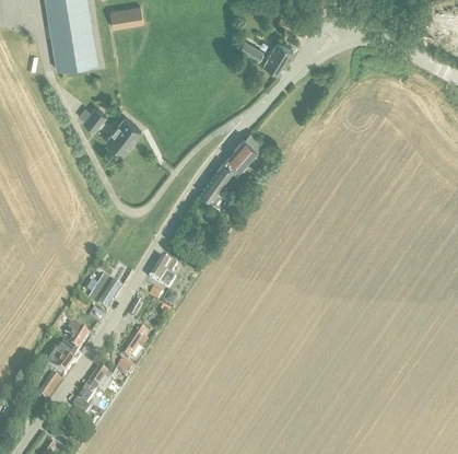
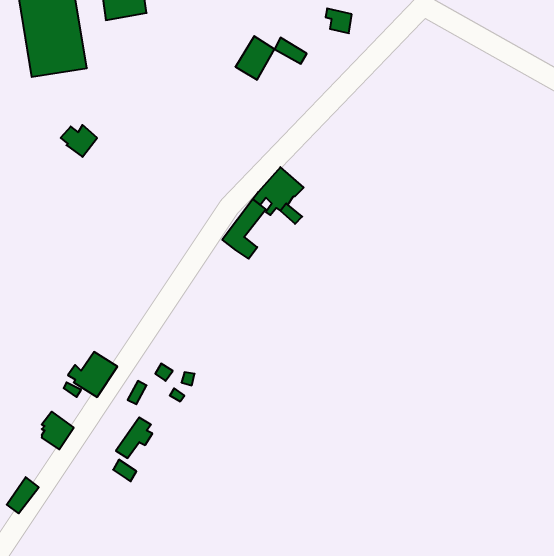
building: [262,42,292,74] -> [235,36,275,80]
building: [105,118,140,154] -> none
building: [148,257,177,289] -> none
building: [44,342,77,377] -> none
building: [68,368,110,416] -> none

